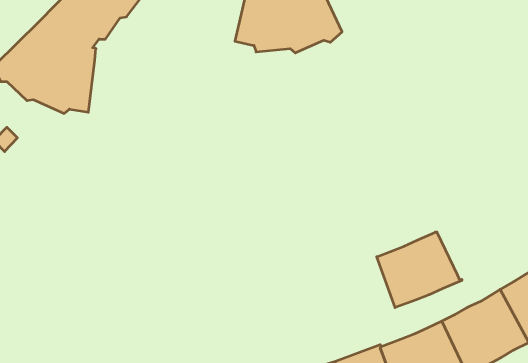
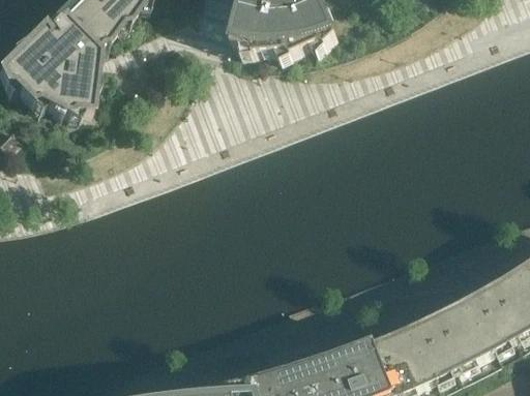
building: [377,232,462,308] -> none

